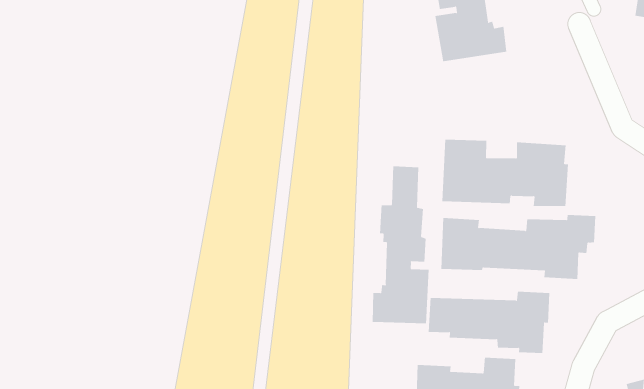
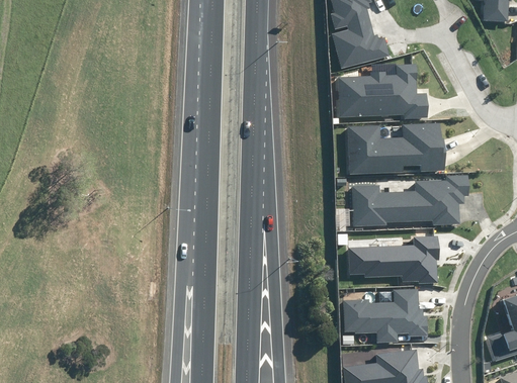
building: none -> [338,65,426,118]
building: [372,166,429,324] -> none

